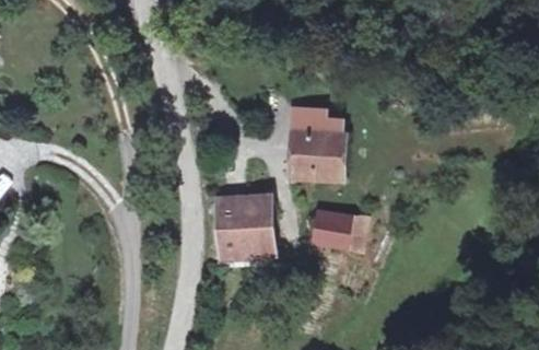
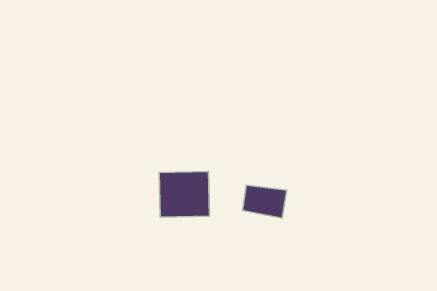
building: [290,115,349,171] -> none

